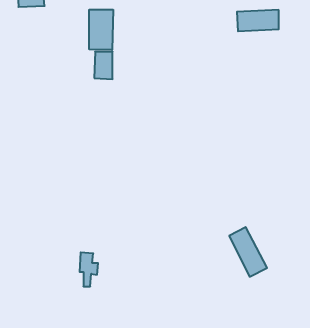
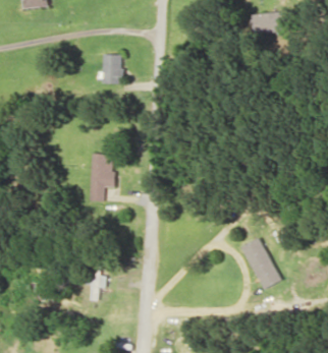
building: [89,10,113,50] -> none
building: none -> [89,154,112,200]

